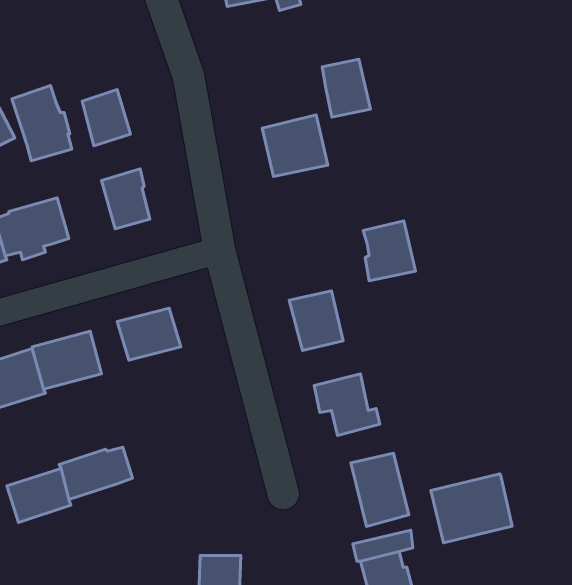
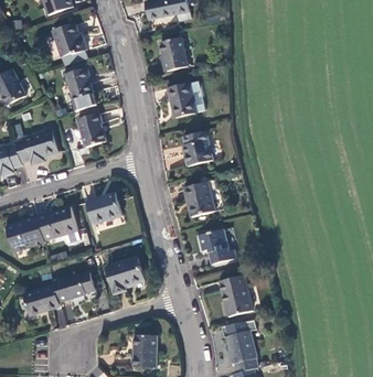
building: [322,59,370,117] -> [162,37,190,71]
building: [12,85,72,161] -> [53,22,87,65]
building: [363,221,415,281] -> [184,131,214,165]
building: none -> [106,256,145,292]
building: [431,474,512,543] -> none

